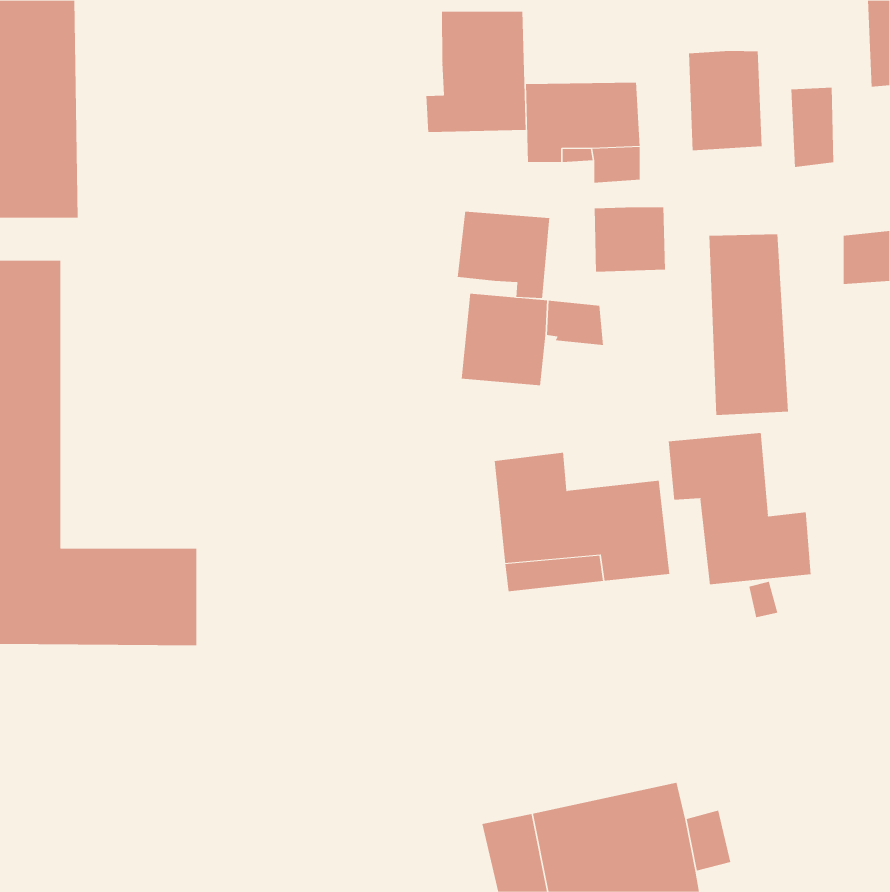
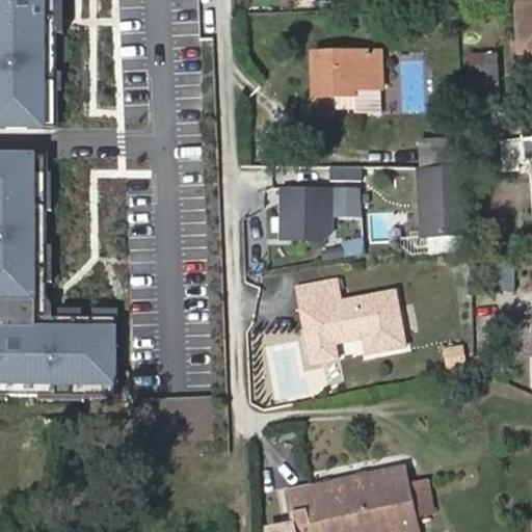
building: [426,11,526,133] -> none
building: [688,50,762,151] -> none
building: [594,206,665,273] -> none
building: [457,211,550,299] -> none
building: [668,432,811,585] -> none

